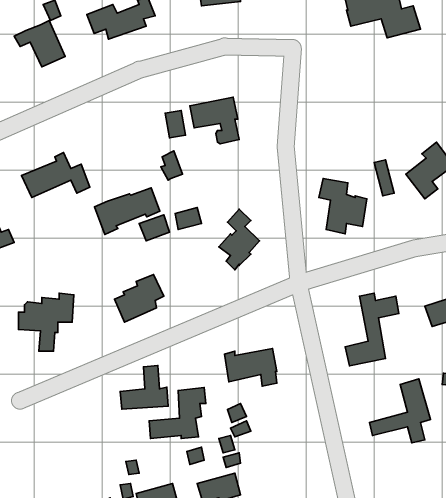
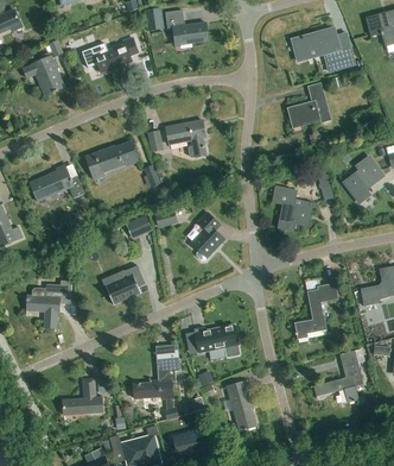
building: none -> [287,82,331,127]
building: [95,188,160,234] -> [84,141,138,180]
building: [120,365,168,409] -> [63,378,102,414]
building: none -> [227,379,256,430]

